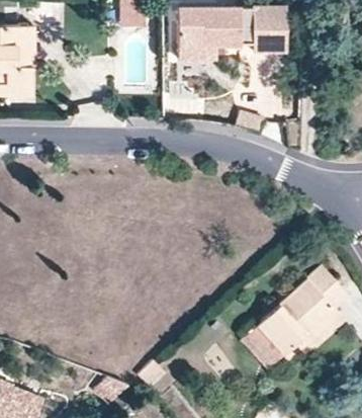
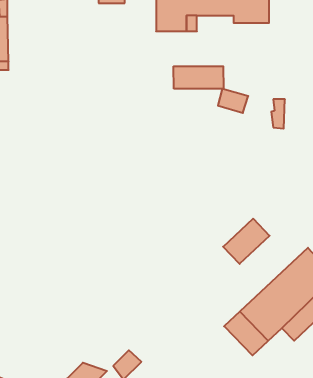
building: none -> [174,66,224,89]
building: none -> [223,219,270,264]

